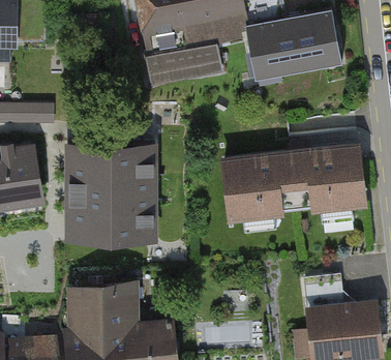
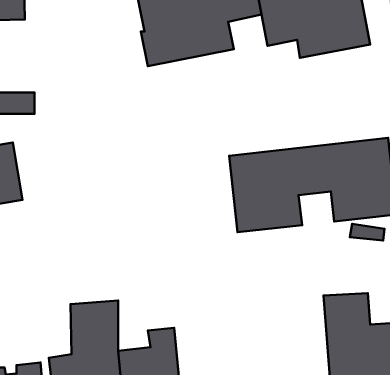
building: [72,145,154,239] -> none

